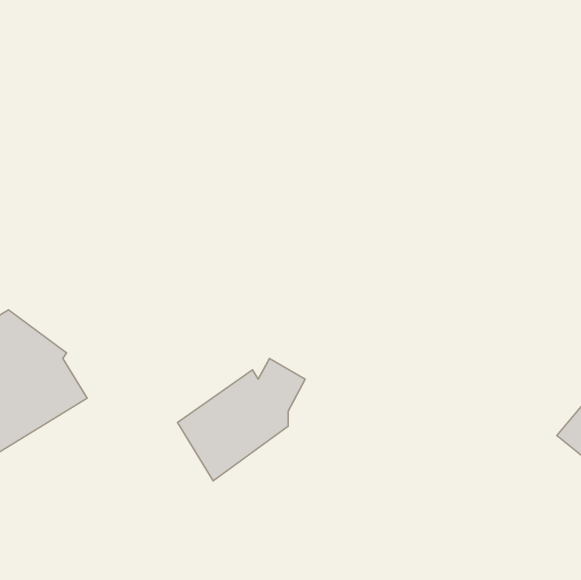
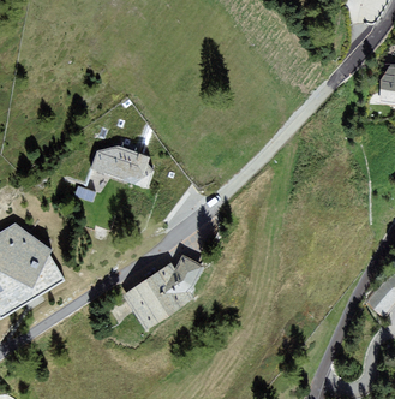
building: none -> [90,145,152,189]

